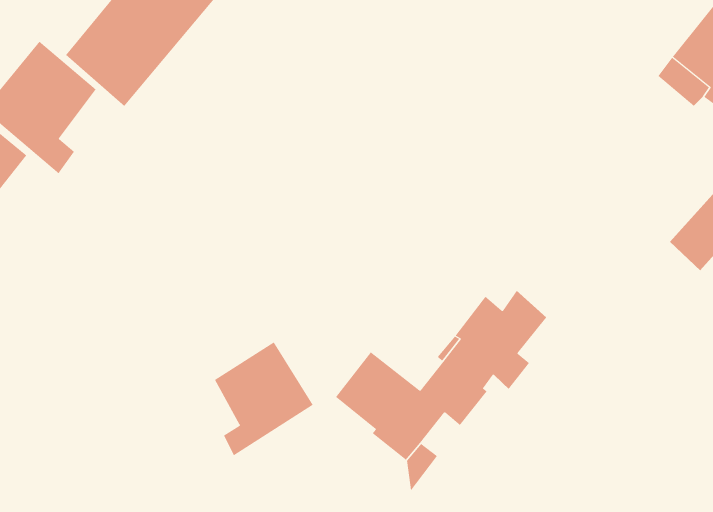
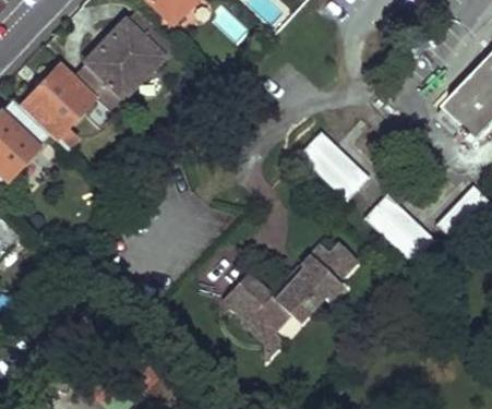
building: none -> [298,129,369,200]
building: none -> [364,192,434,260]
building: [214,341,313,456] -> none

